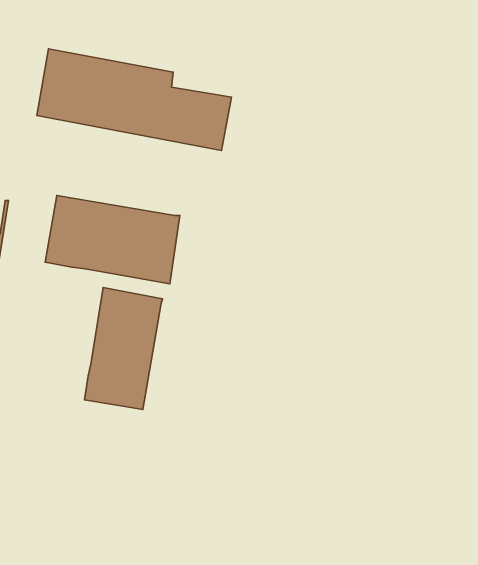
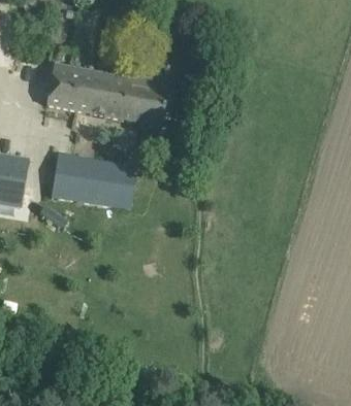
building: [85,287,162,410] -> none

